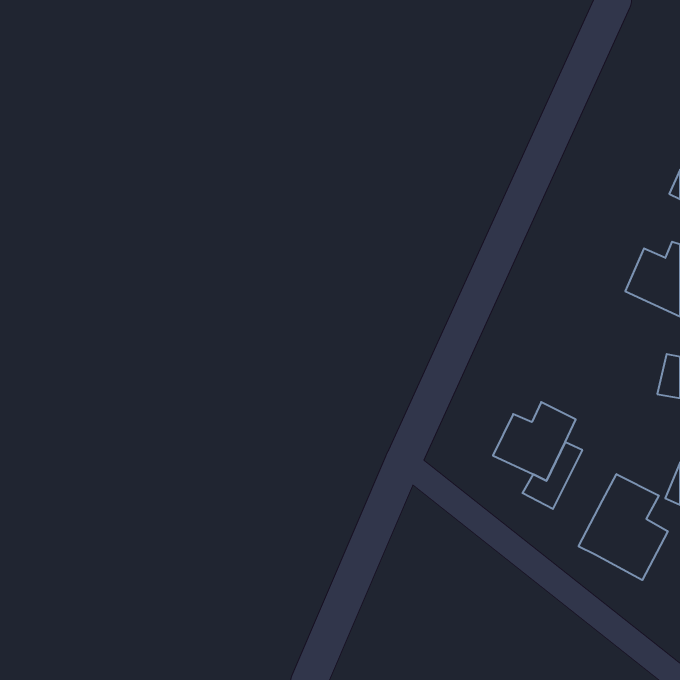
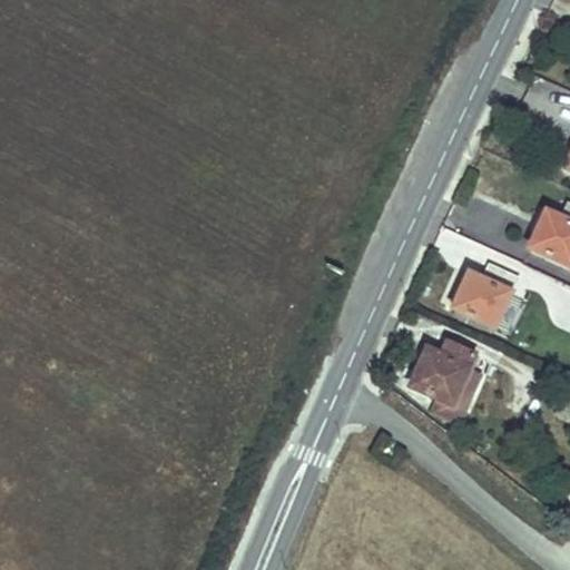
building: none -> [450,265,515,323]
building: [579,474,668,580] -> none

